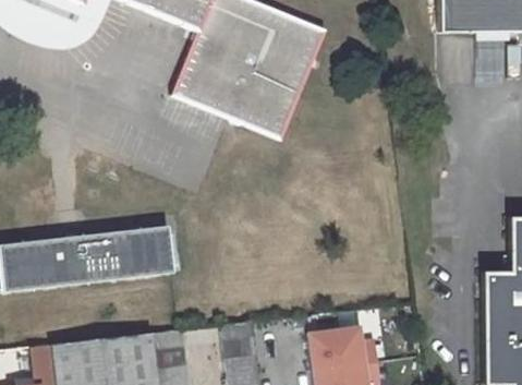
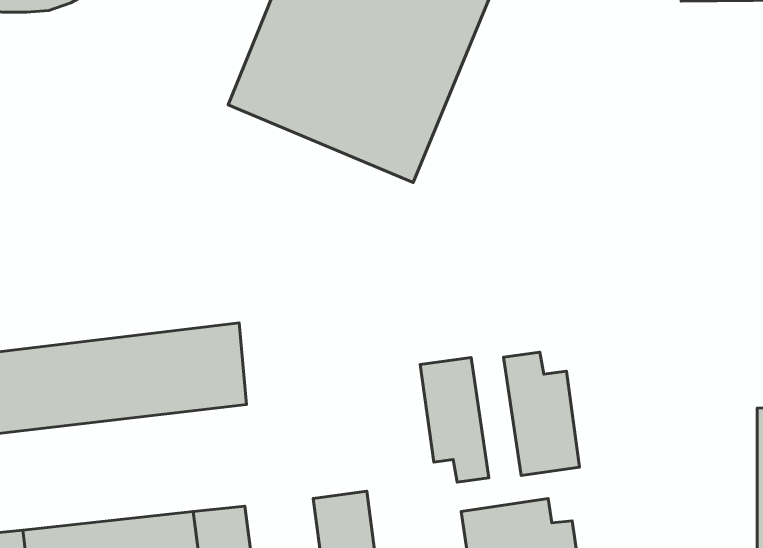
building: none -> [504,352,580,475]
building: none -> [420,358,489,482]

